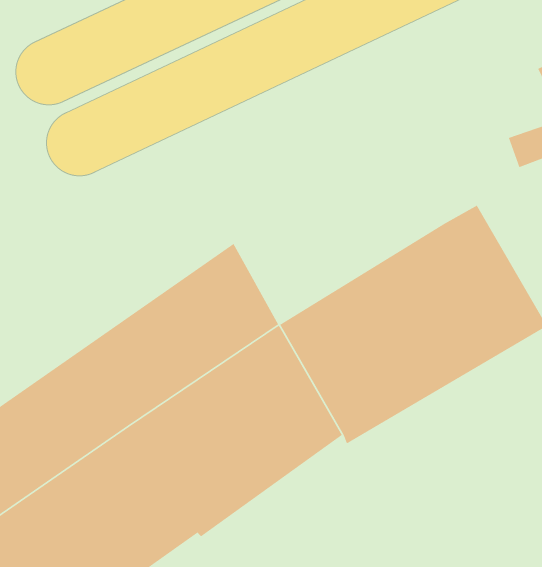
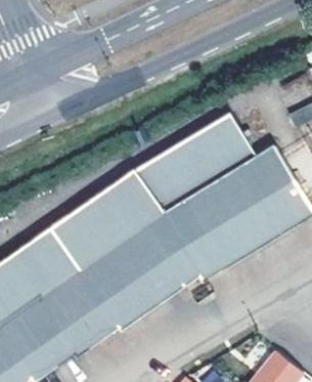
building: none -> [137,113,256,213]

